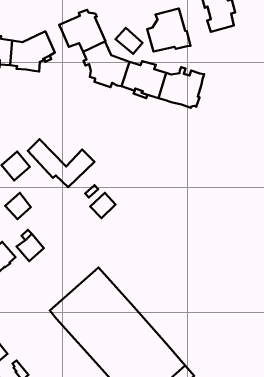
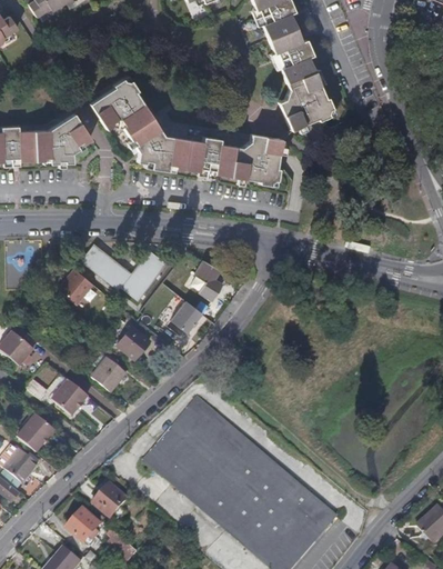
building: [147,8,191,52] -> [281,68,339,127]
building: [116,28,142,54] -> none
building: none -> [193,259,224,302]
building: [5,193,31,219] -> [115,329,148,362]
building: none -> [91,482,125,517]

